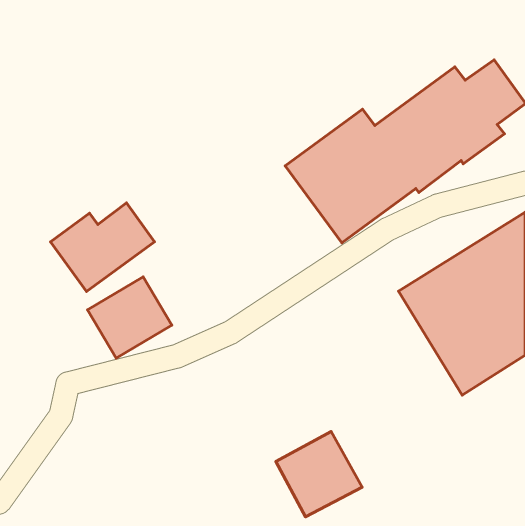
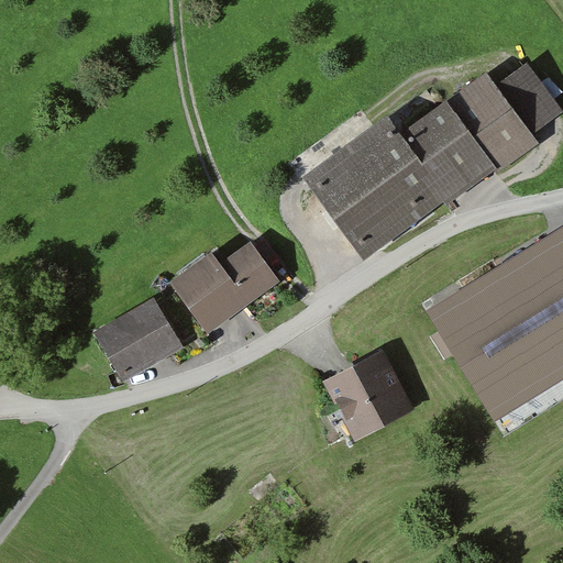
building: [50,203,154,291] -> [169,240,280,334]
building: [276,432,362,517] -> [322,350,415,441]

